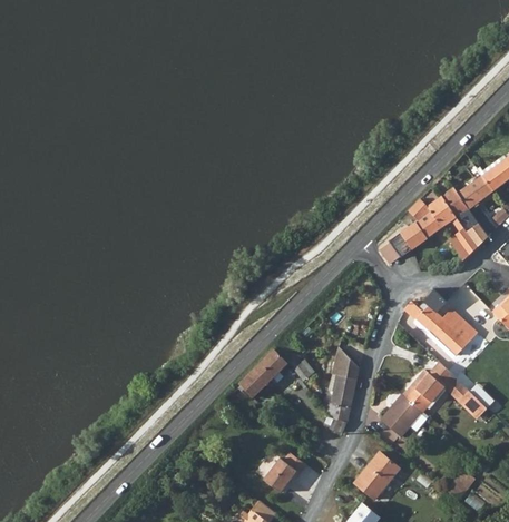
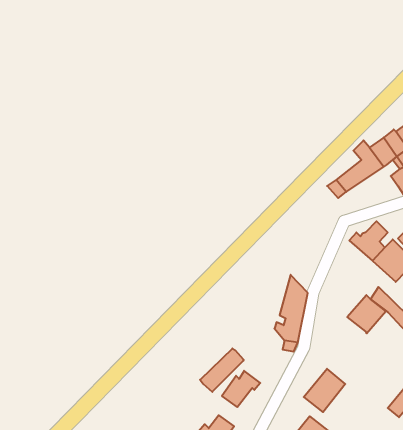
building: [239,349,287,397] -> [200,348,244,392]
building: [380,393,422,436] -> none

